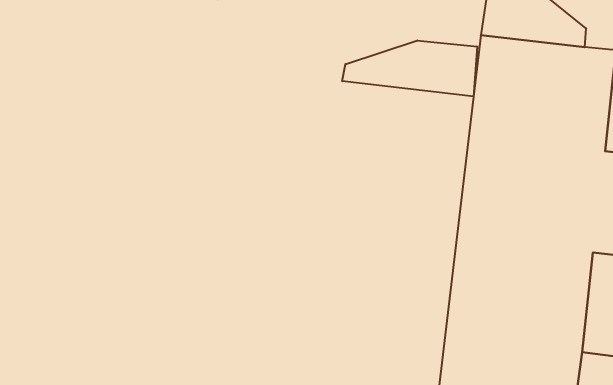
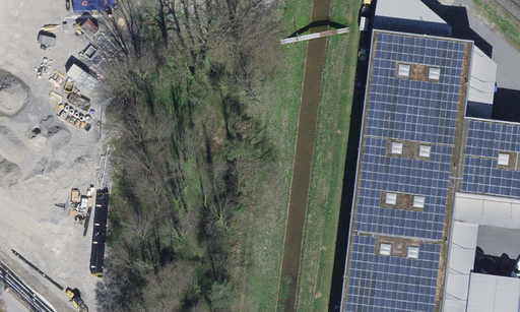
building: [342,40,477,97] -> none

